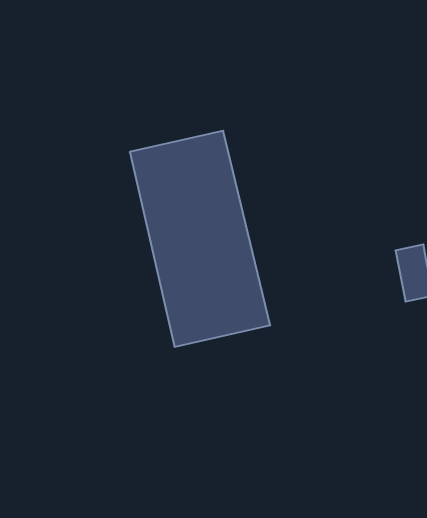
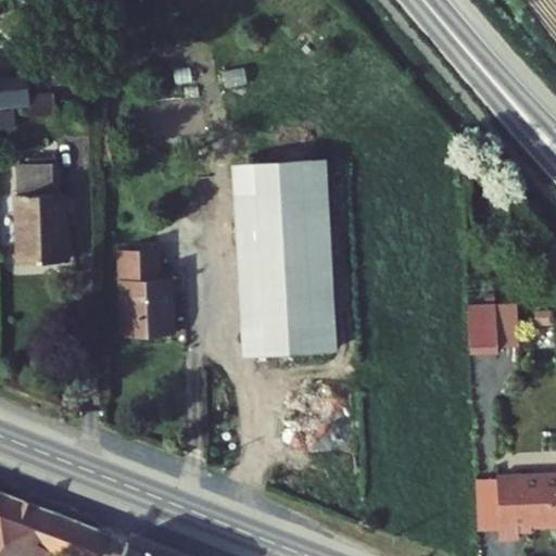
building: none -> [117,251,172,339]

